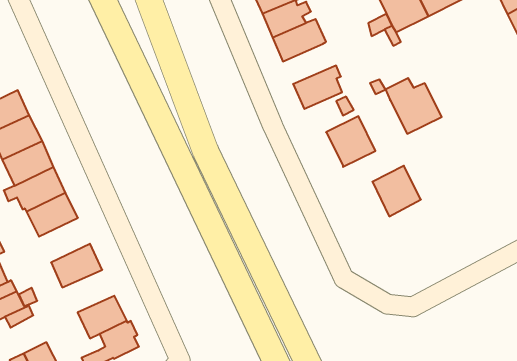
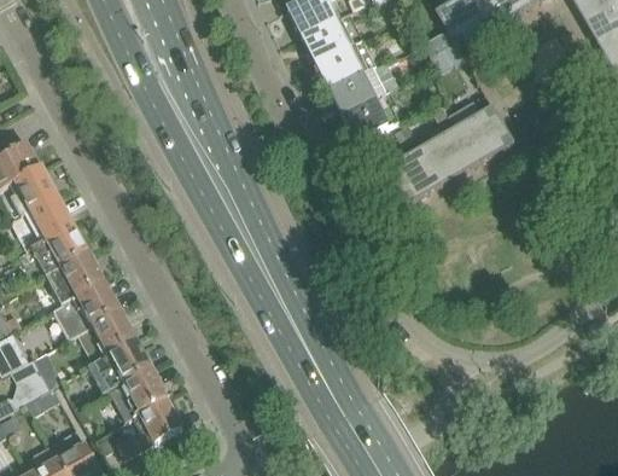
building: none -> [328,64,390,112]
building: [372,166,421,216] -> [419,124,476,184]
building: none -> [52,280,119,337]
building: none -> [94,338,151,389]

